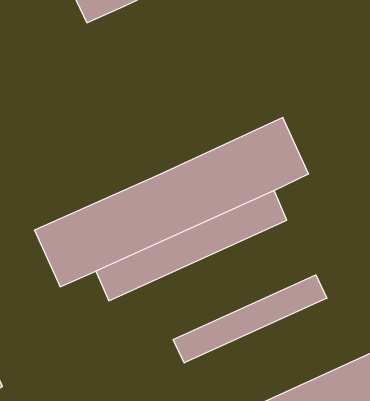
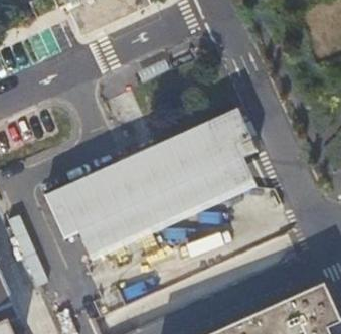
building: [173,275,327,363] -> none

